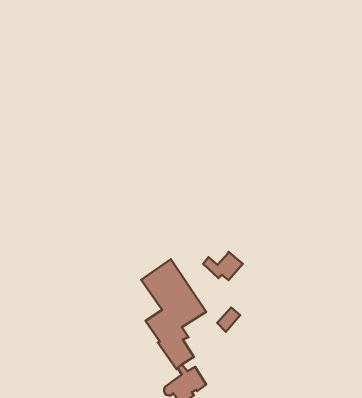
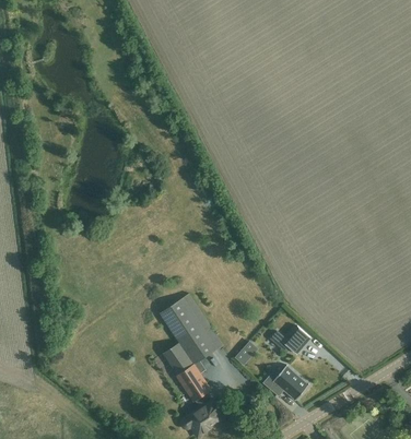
building: [203,252,243,280] -> [271,325,310,354]
building: none -> [263,365,308,401]

